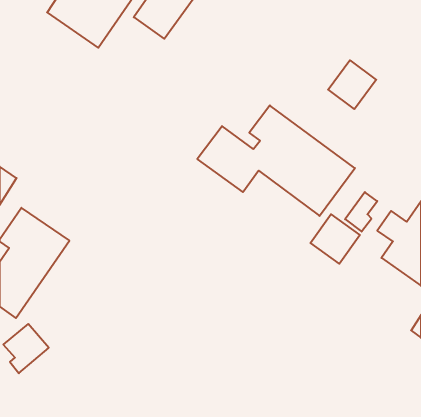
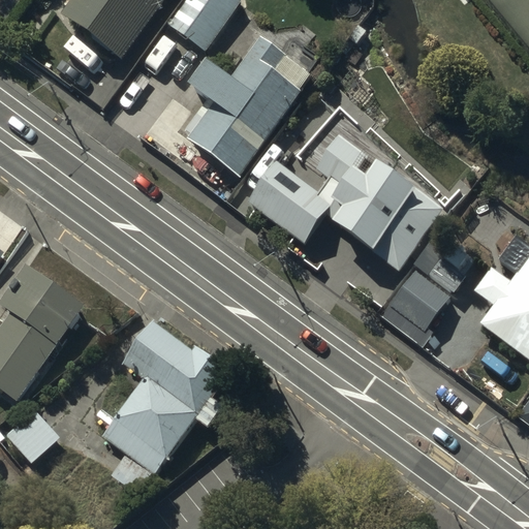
building: none -> [185,33,303,176]
building: [328,60,376,109] -> none
building: none -> [102,321,229,493]

